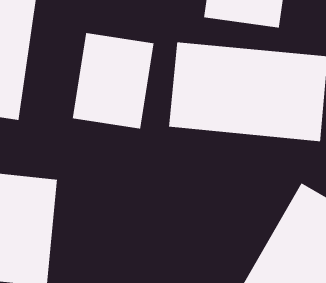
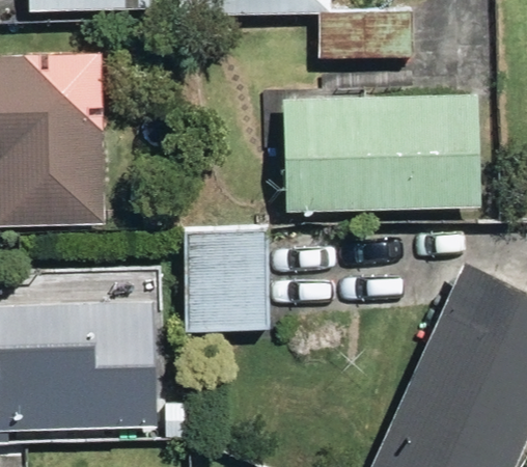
building: [72,32,154,129] -> [182,220,275,335]

